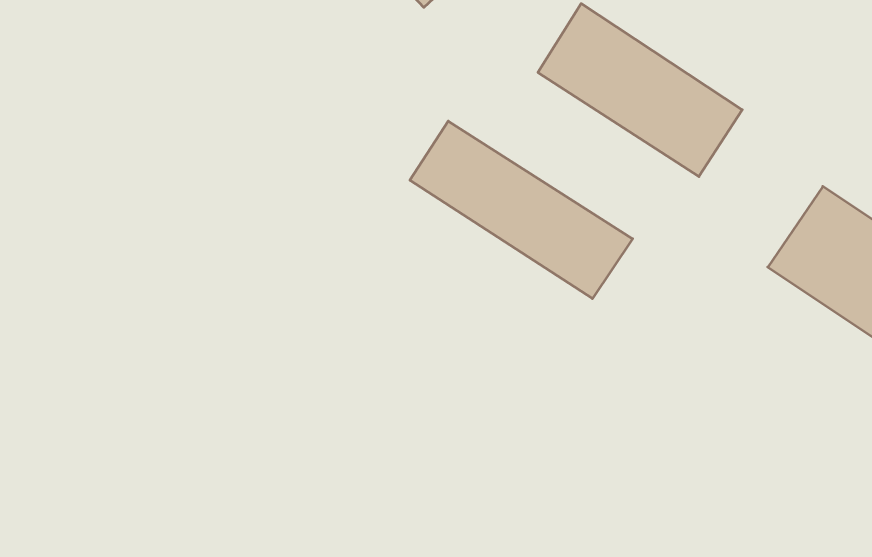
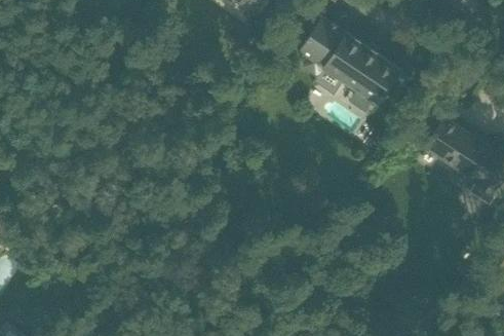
building: [410,121,633,299] -> none

